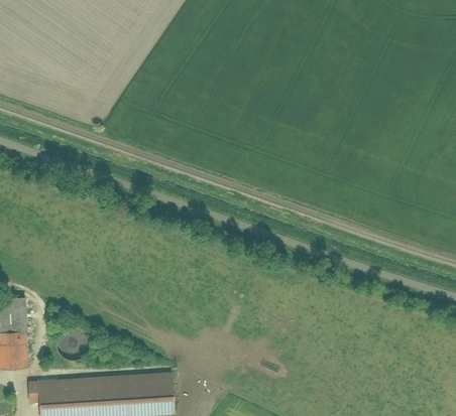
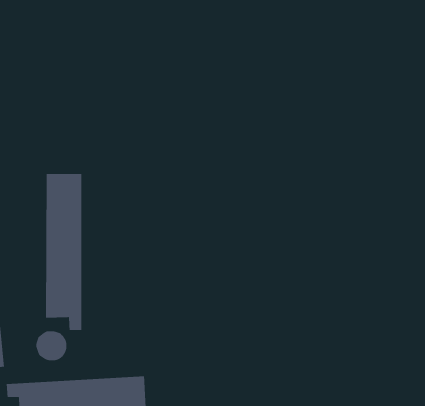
building: none -> [45,173,82,331]

